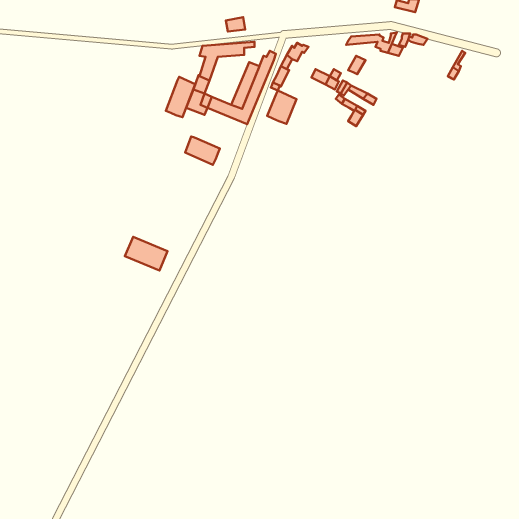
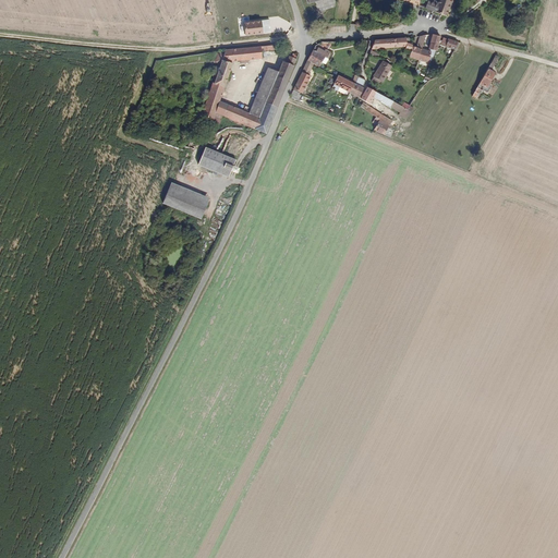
building: [166,77,195,117] -> none
building: [267,91,297,124] -> none
building: [125,237,168,270] -> [162,182,208,218]

